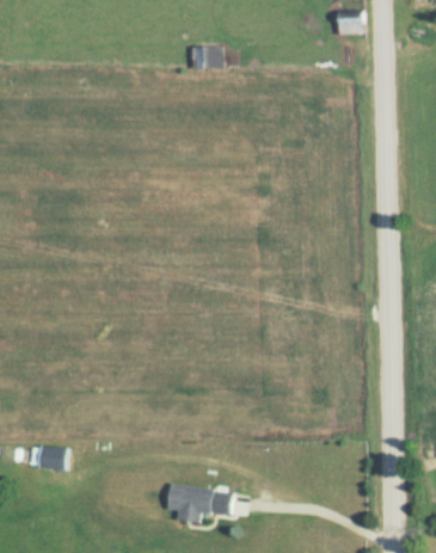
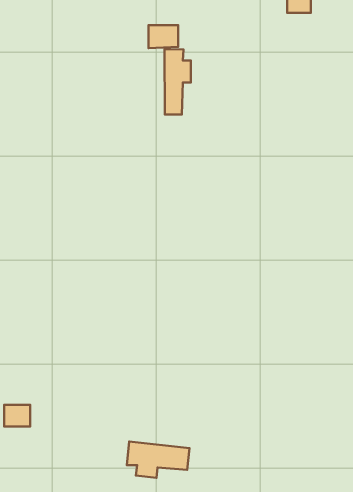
building: none -> [165,49,191,115]

